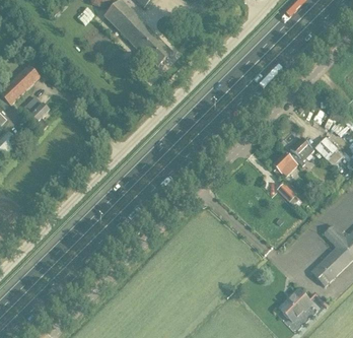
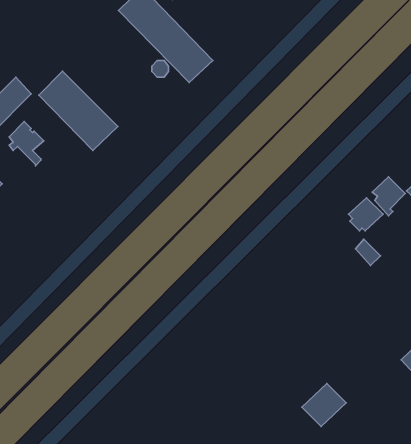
building: none -> [39,71,118,151]
building: [279,289,311,321] -> [302,384,346,426]

